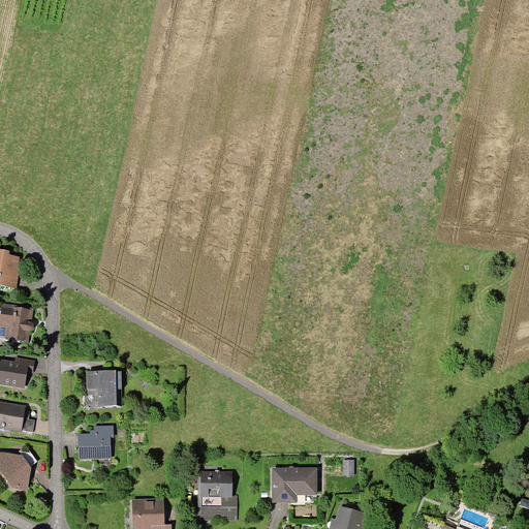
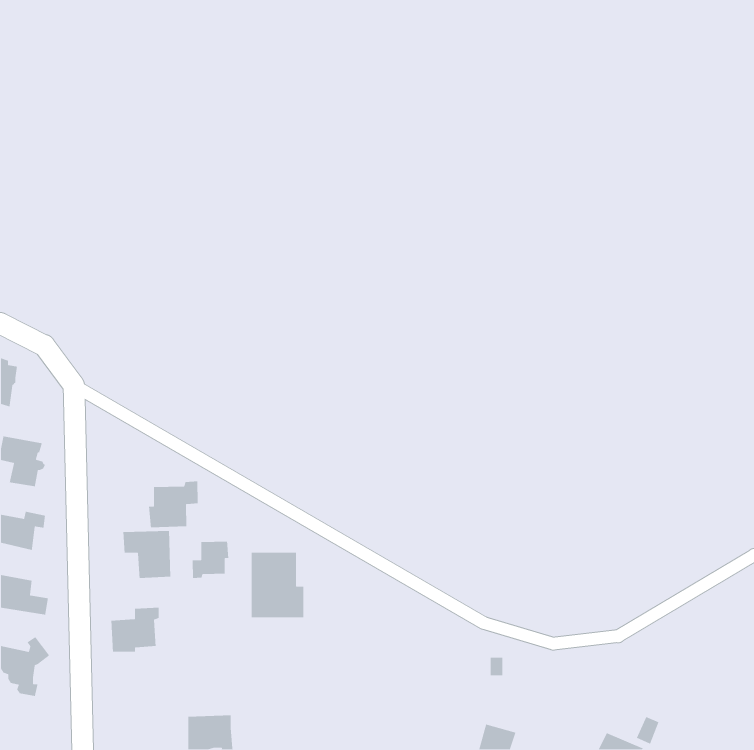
building: none -> [148,481,199,528]
building: none -> [192,541,229,579]
building: [273,468,314,500] -> none
building: [199,471,237,518] -> [251,552,304,618]

